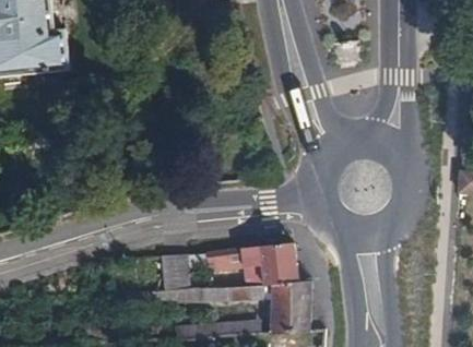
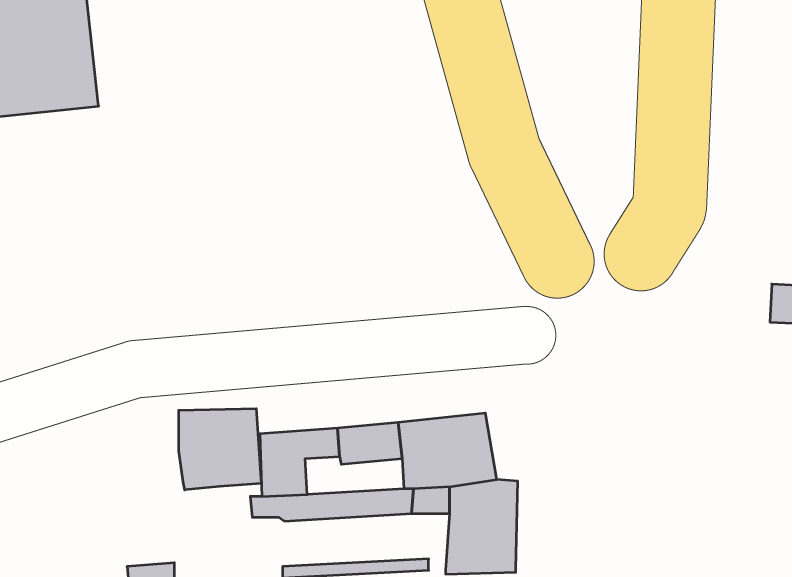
building: none -> [179,409,261,490]

